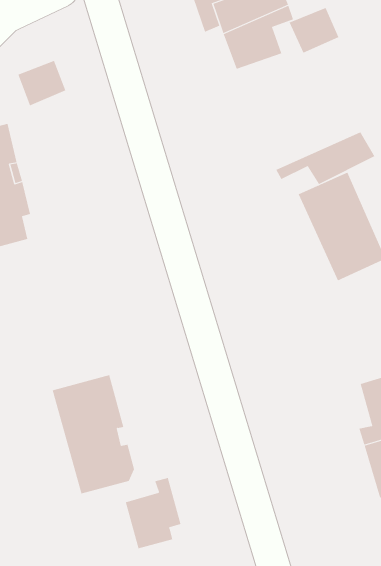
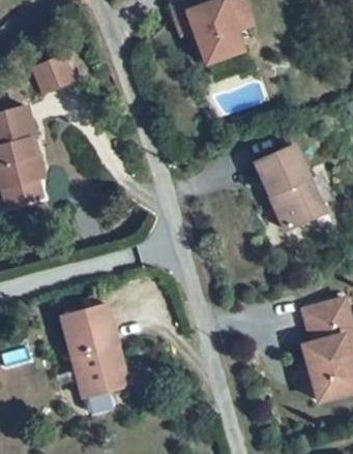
building: [289,7,339,53] -> none
building: [275,131,375,185] -> none
building: [125,477,181,549] -> none

